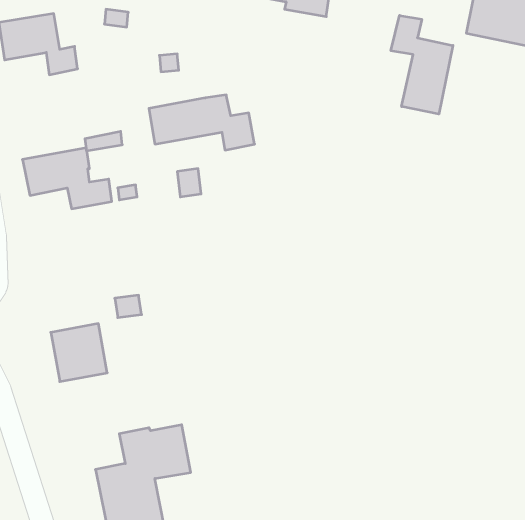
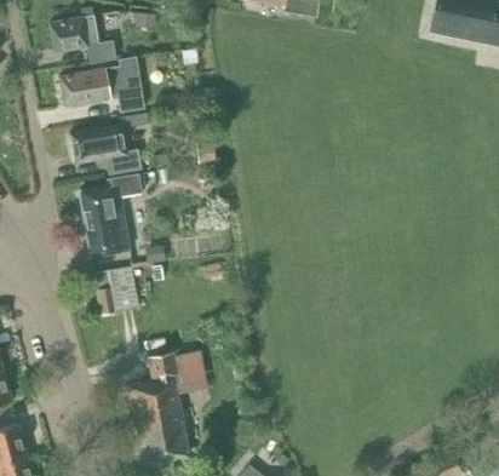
building: [391,15,453,114] -> none
building: [149,95,255,150] -> [59,68,145,113]
building: none -> [80,173,143,257]

